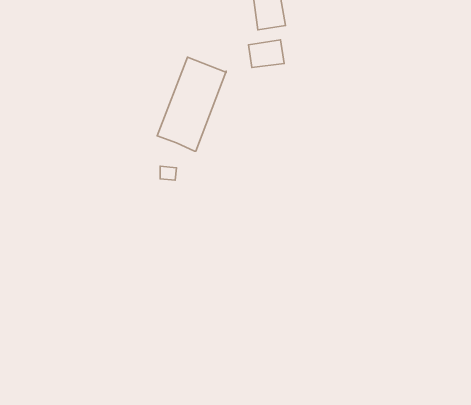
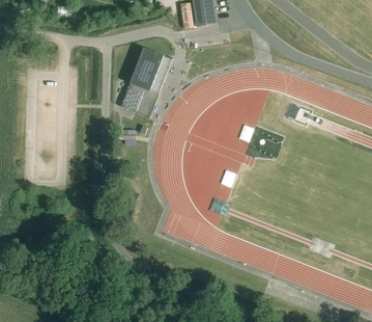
building: [249,40,284,68] -> none

